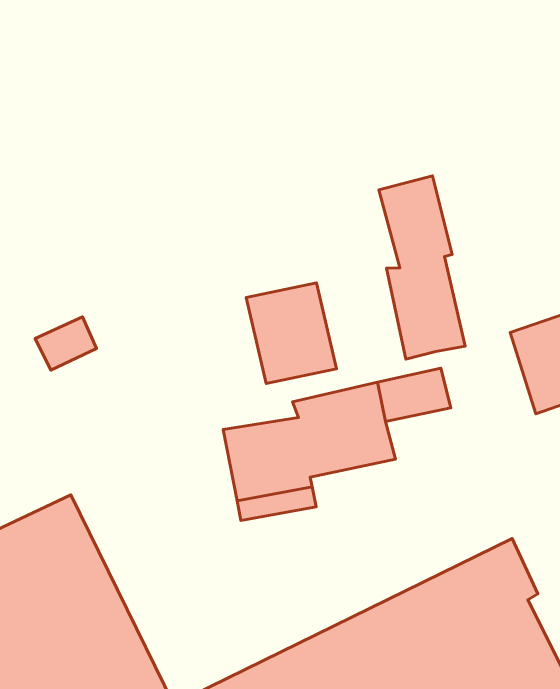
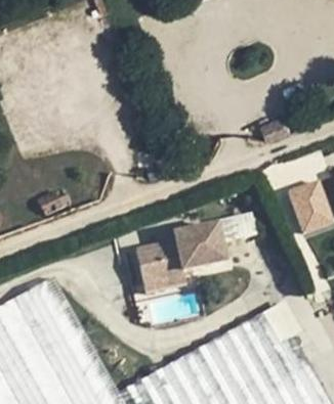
building: [379,176,465,359] -> none
building: [246,283,337,384] -> none

